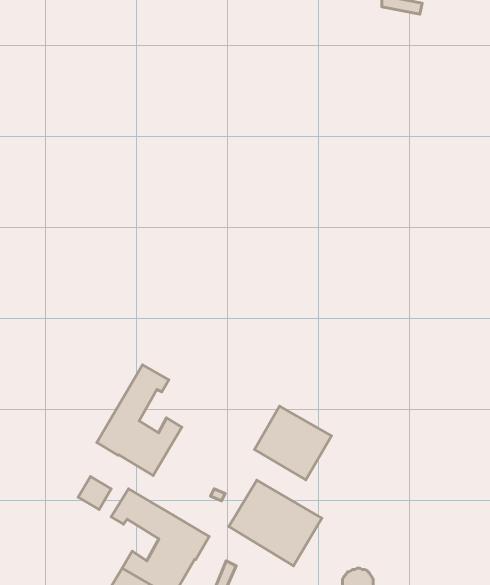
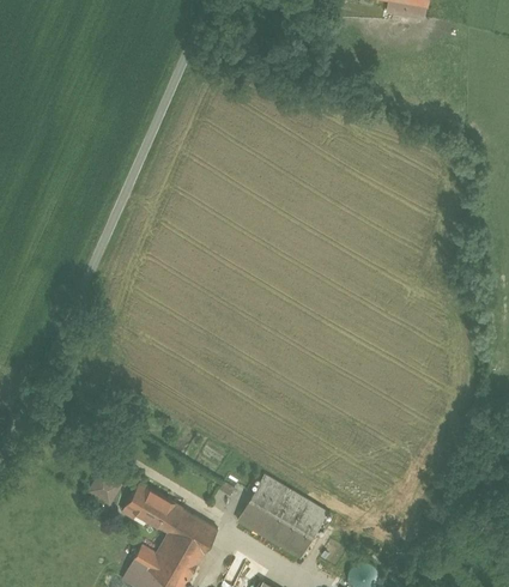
building: [97,365,182,475] -> none
building: [254,406,332,480] -> none

